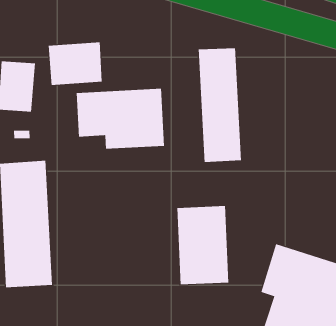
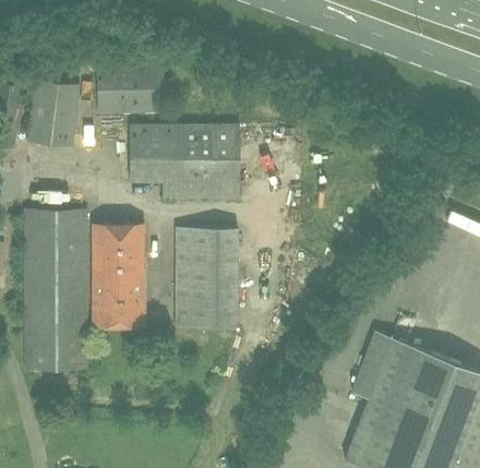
building: [198,48,241,163] -> none
building: none -> [93,224,144,327]
building: [177,205,229,285] -> [173,228,238,327]

